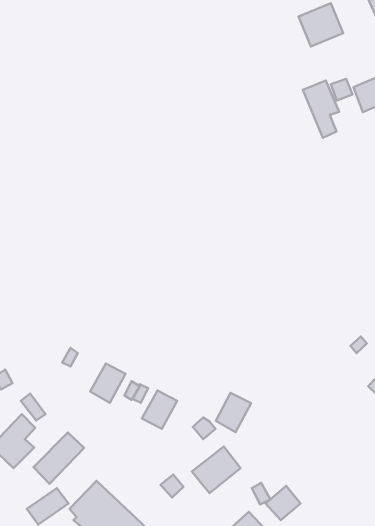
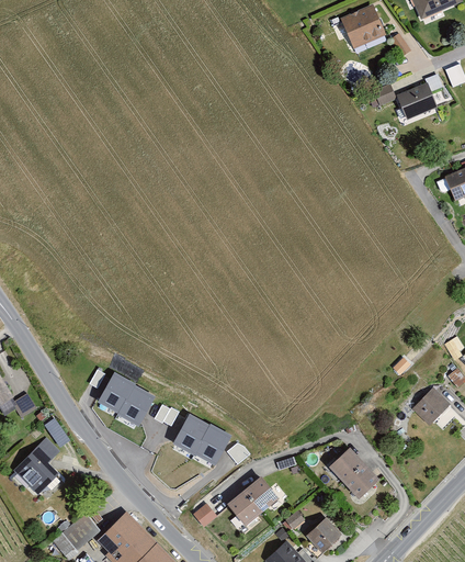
building: [303,81,339,138] -> none
building: none -> [98,372,135,414]
building: [216,393,251,432] -> [195,425,232,467]
building: none -> [329,446,381,497]
building: [33,432,84,484] -> none

